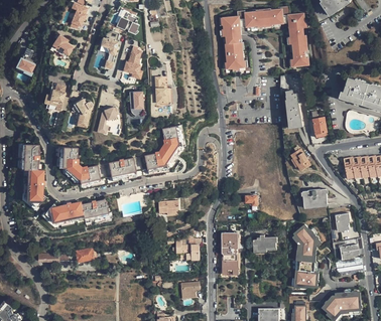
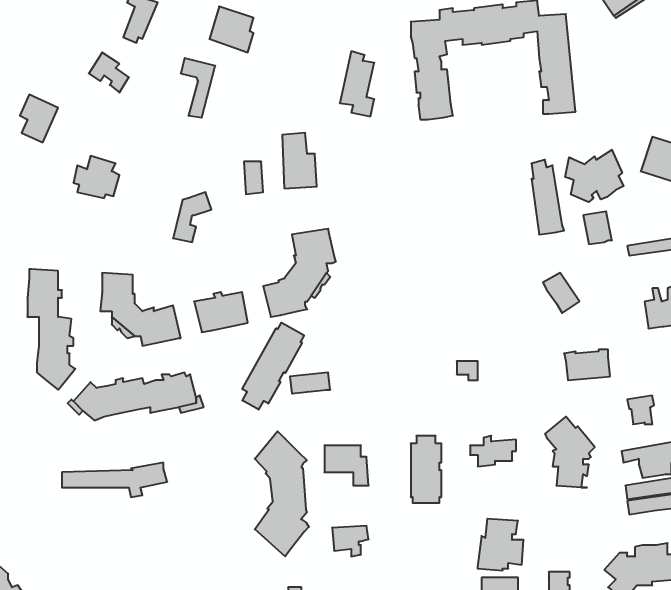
building: [125,44,143,78] -> [340,51,374,116]
building: none -> [565,150,624,202]
building: [74,98,93,127] -> none
building: none -> [242,323,304,410]
building: none -> [255,431,309,556]
building: [293,261,318,288] -> [478,519,524,571]

